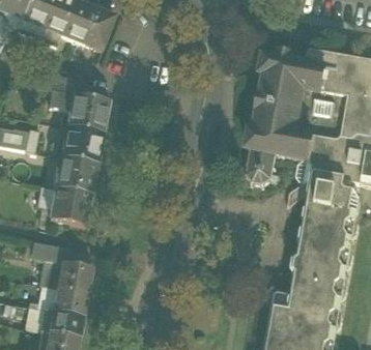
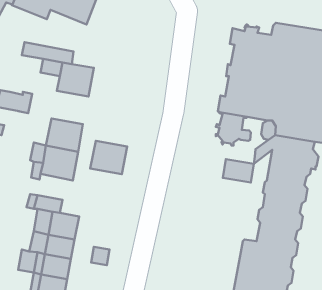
building: [61,124,103,162] -> [90,141,127,174]
building: none -> [223,159,254,183]

